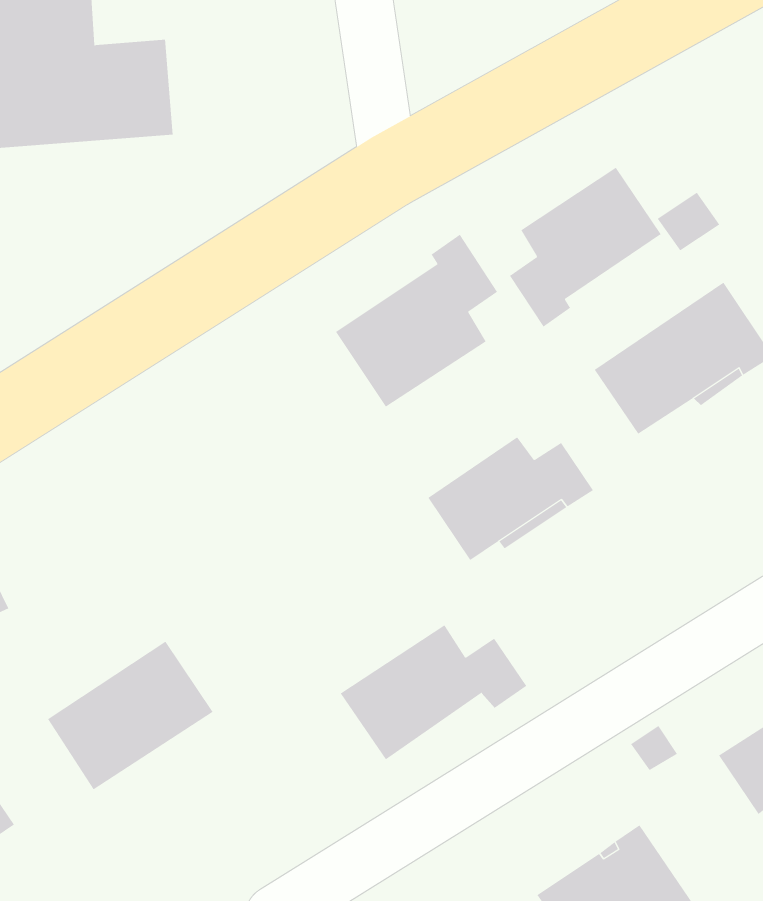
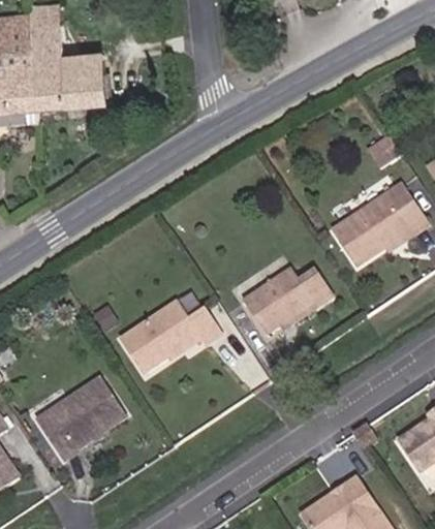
building: [509,167,662,327] -> none
building: [335,234,498,407] -> none
building: [340,625,527,760] -> [120,300,221,373]

